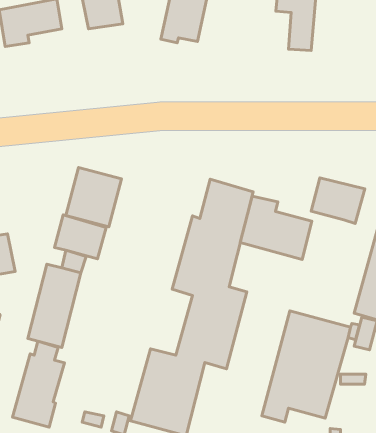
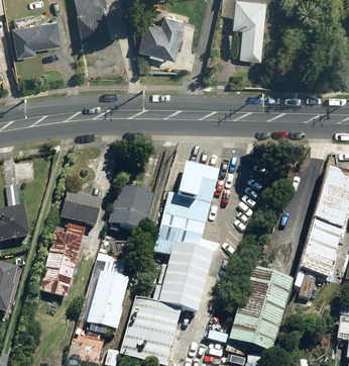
building: [66,167,121,227] -> [108,183,152,231]
building: [311,178,365,224] -> none
building: [240,196,312,260] -> none
building: [13,341,64,427] -> [87,260,128,329]

